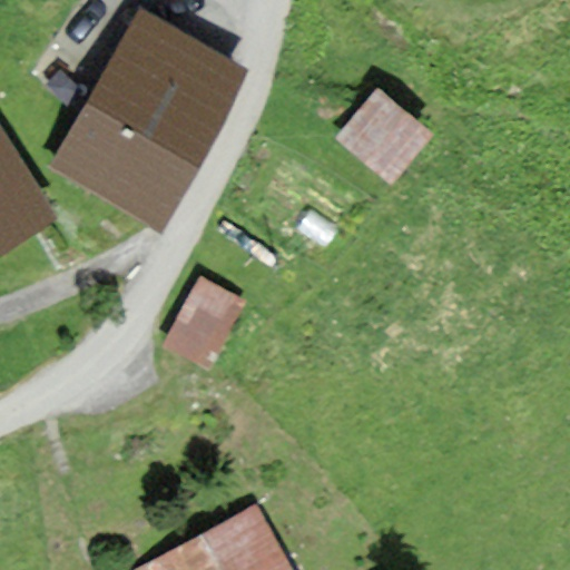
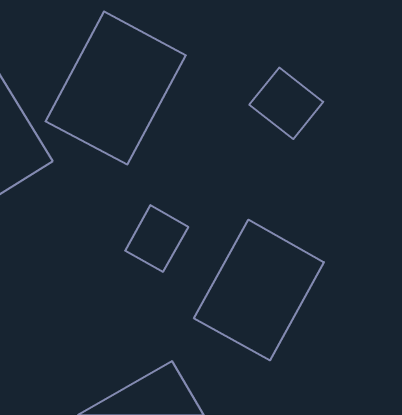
building: none -> [194,220,324,360]

